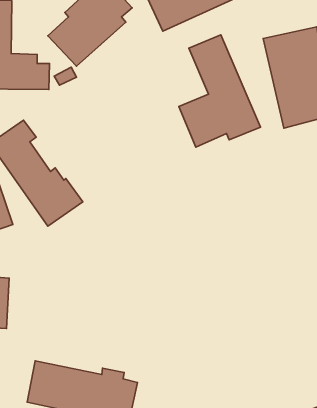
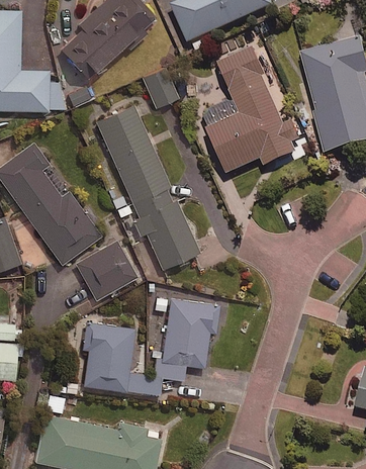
building: none -> [144,68,178,107]
building: none -> [97,106,198,270]
building: none -> [76,242,135,299]
building: none -> [74,299,219,394]

